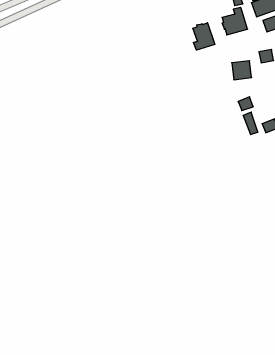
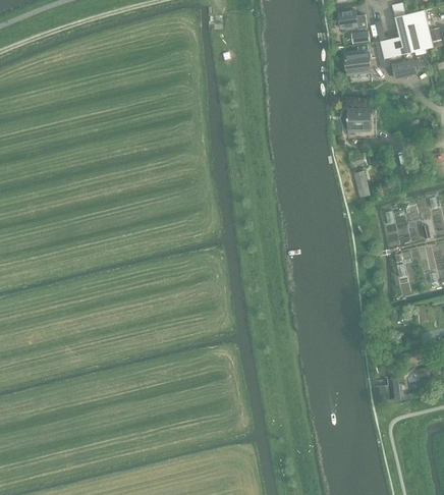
building: [193,23,215,50] -> none

